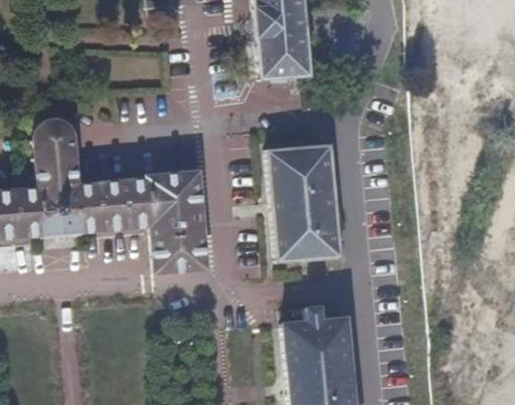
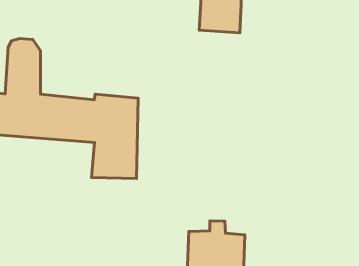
building: [266,142,342,261] -> none

